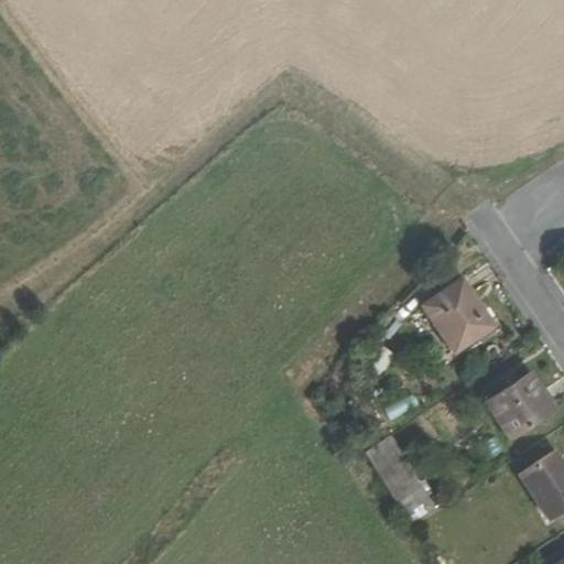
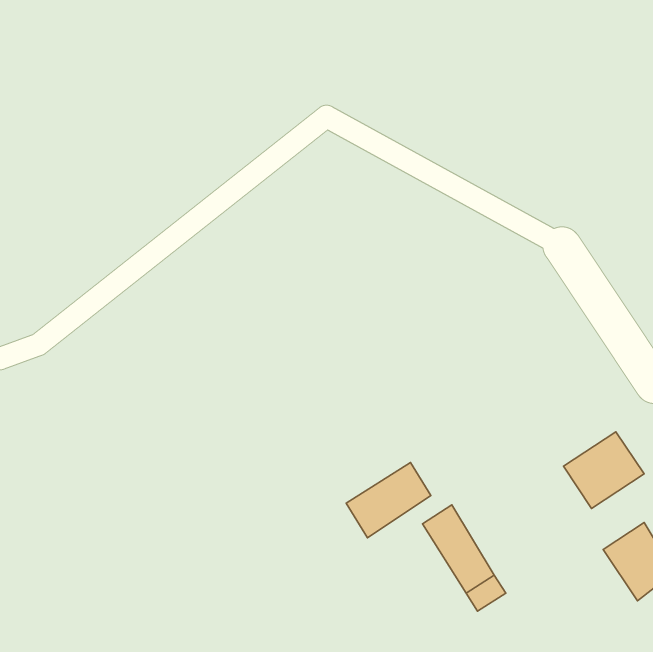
building: [423,278,494,351] -> none
building: none -> [346,463,431,538]

